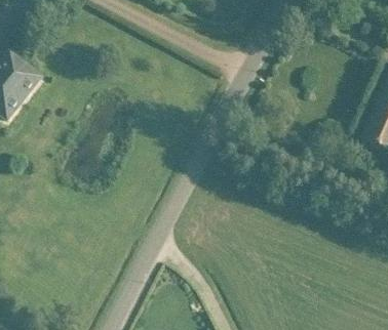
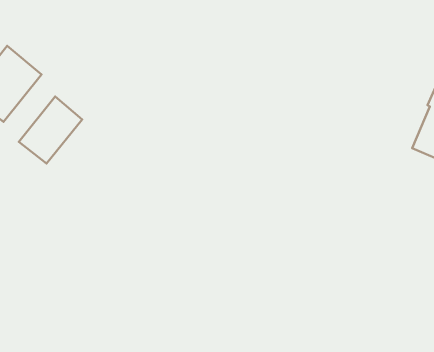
building: none -> [19,97,82,164]

